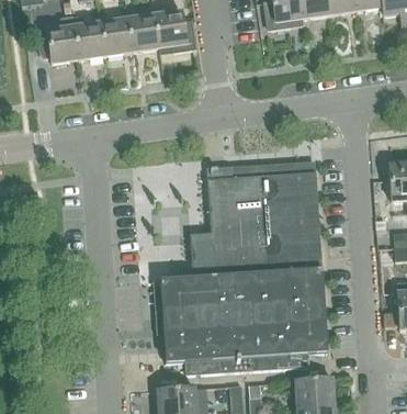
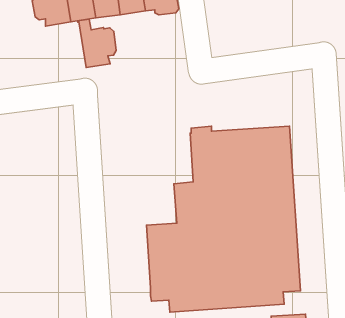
building: none -> [78,19,116,68]

